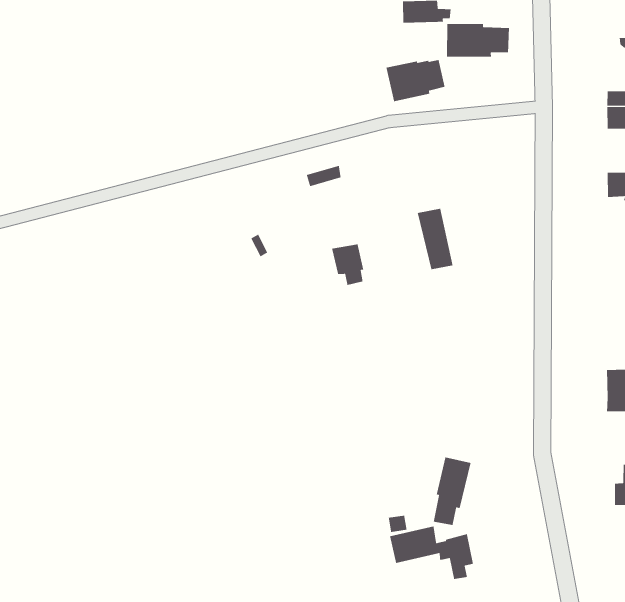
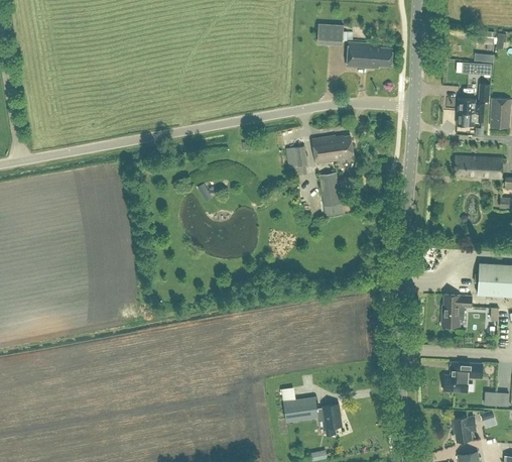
building: [385,59,445,102] -> [312,135,354,163]
building: [331,244,364,286] -> [285,146,307,176]
building: [433,457,472,526] -> none

